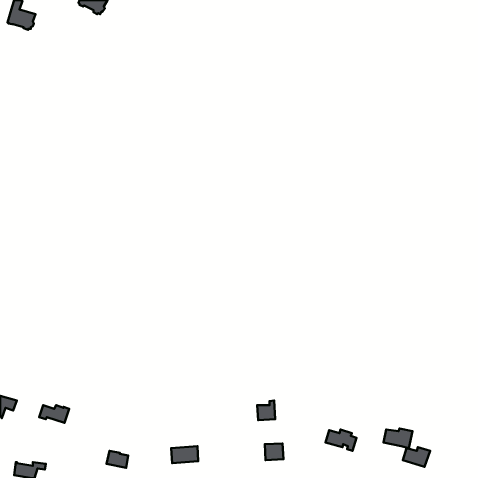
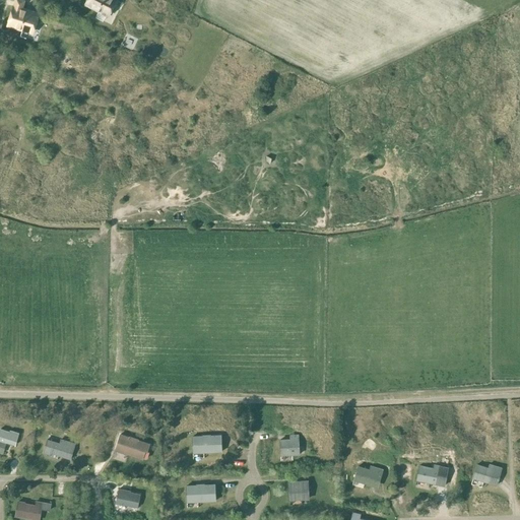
building: none -> [115,435,149,459]
building: none -> [192,436,221,453]
building: [403,447,430,467] -> [472,464,502,485]

